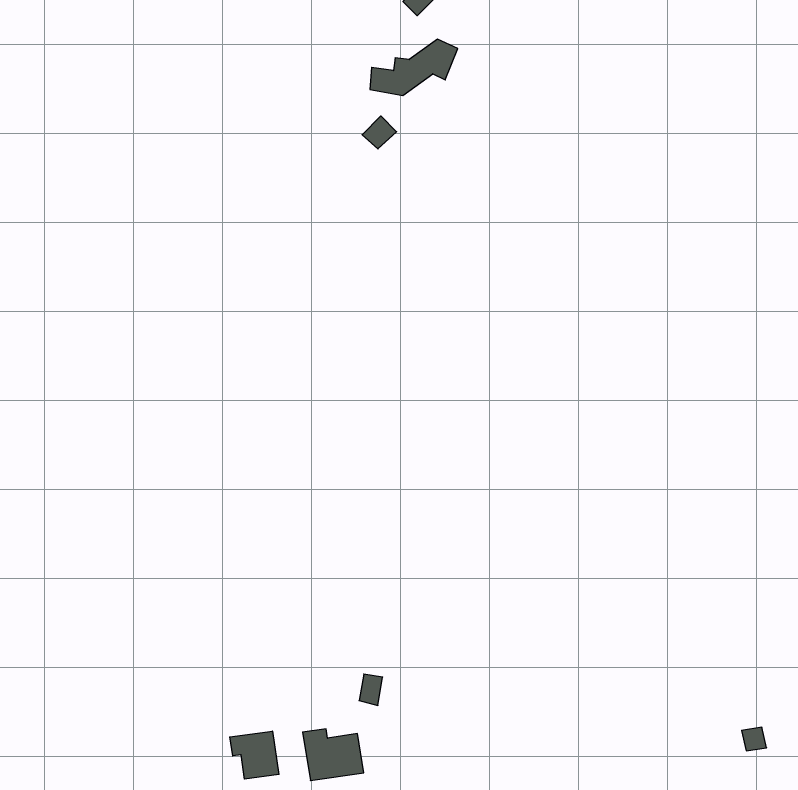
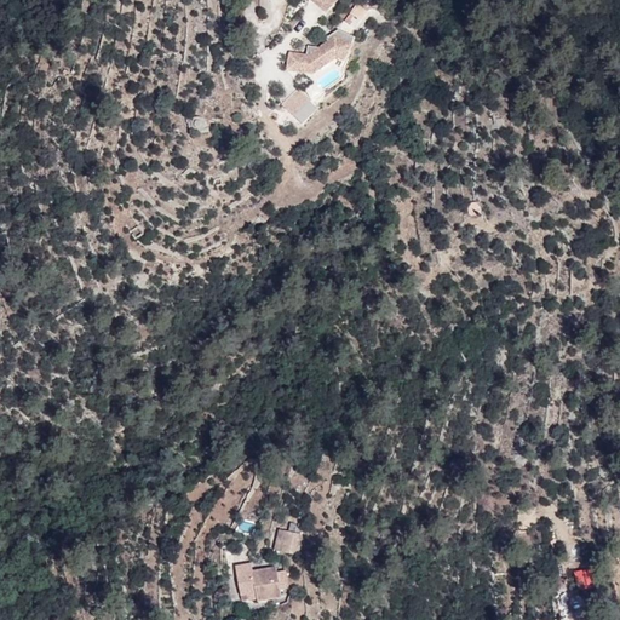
building: [230,731,279,779] -> none

